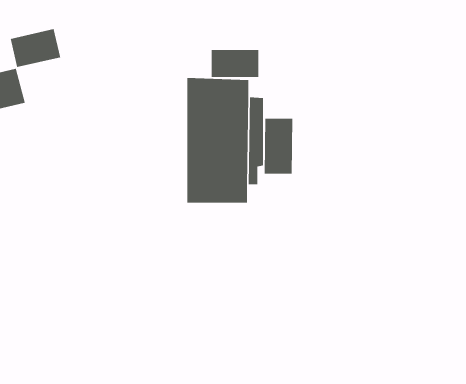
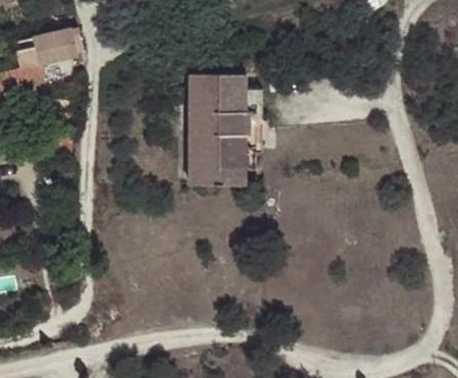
building: [211,49,259,78] -> none
building: [264,118,293,174] -> none

